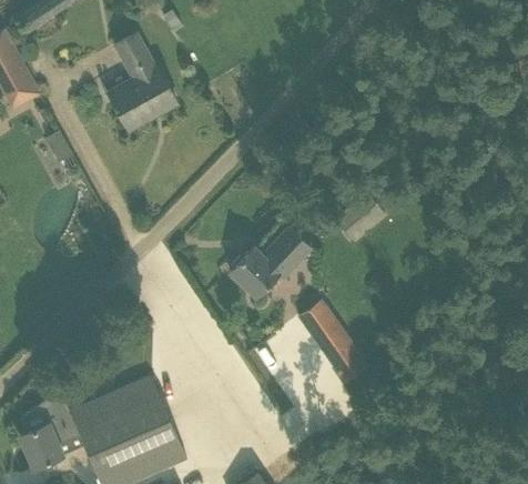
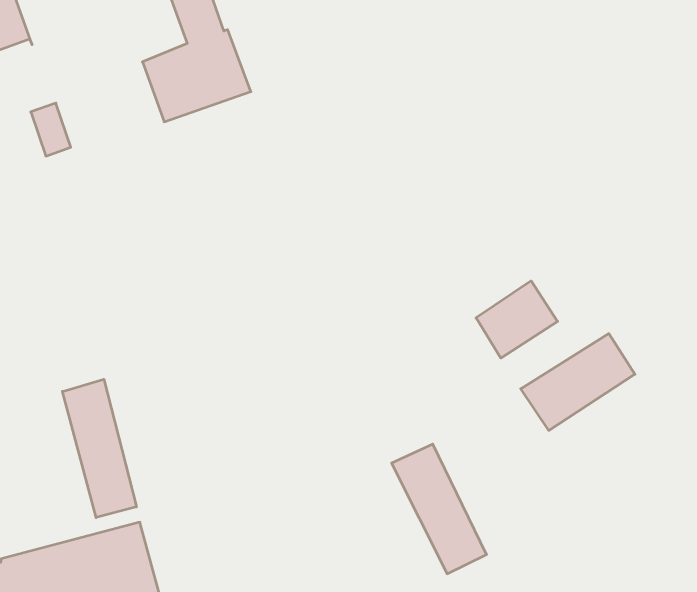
building: none -> [521,334,635,430]
building: [230,229,311,296] -> none
building: none -> [62,379,136,518]

